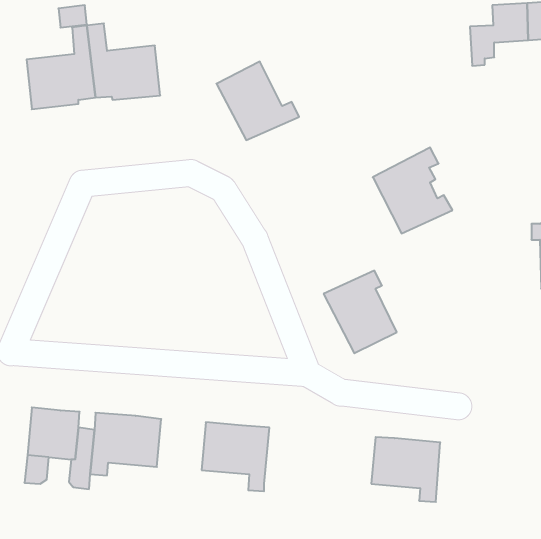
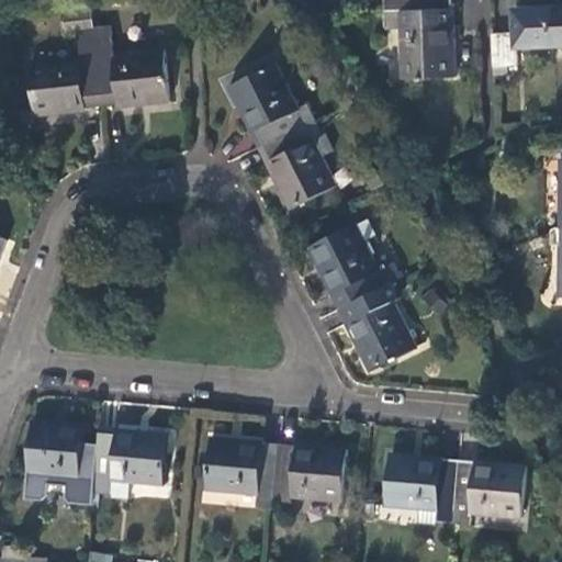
building: none -> [382,12,451,75]
building: none -> [256,124,330,211]
building: [373,147,452,233] -> [306,218,389,307]
building: none -> [274,446,348,506]
building: none -> [452,461,524,524]

